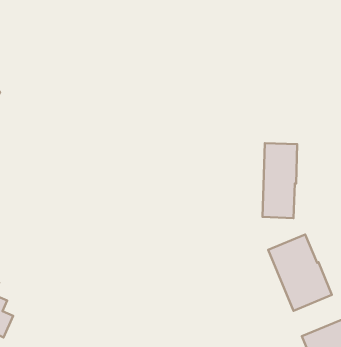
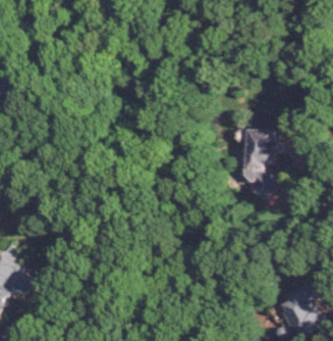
building: [268,234,332,311] -> none

